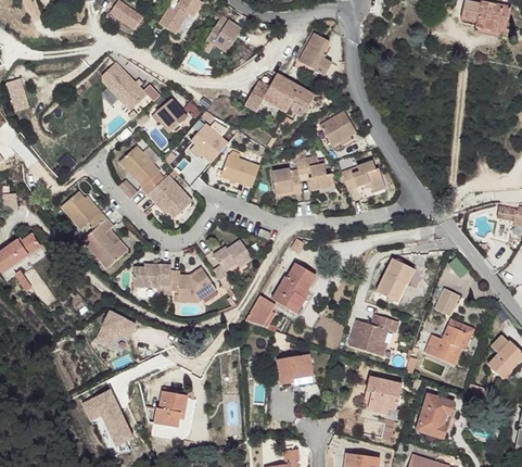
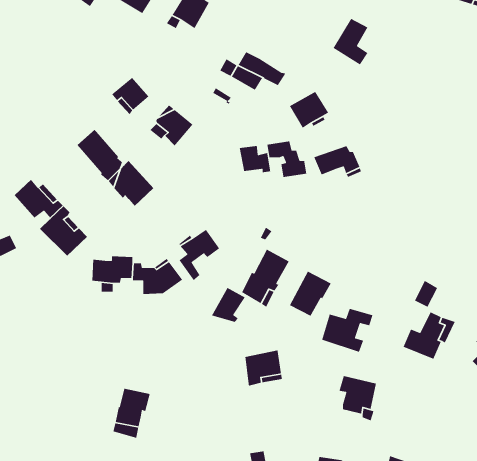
building: [300,33,333,77] -> [332,18,368,65]
building: [97,63,158,113] -> none
building: [222,154,260,186] -> none
building: [375,257,416,301] -> [289,271,332,317]
building: [93,313,135,353] -> none
building: [80,392,130,452] -> none
building: [417,393,454,437] -> none

